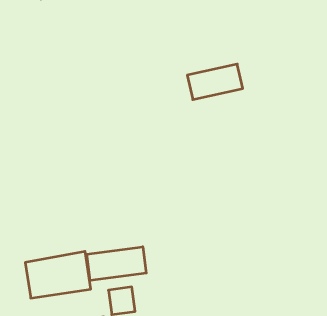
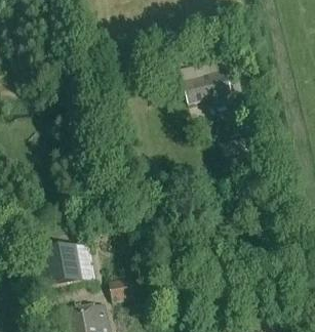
building: [87,247,146,281] -> none

